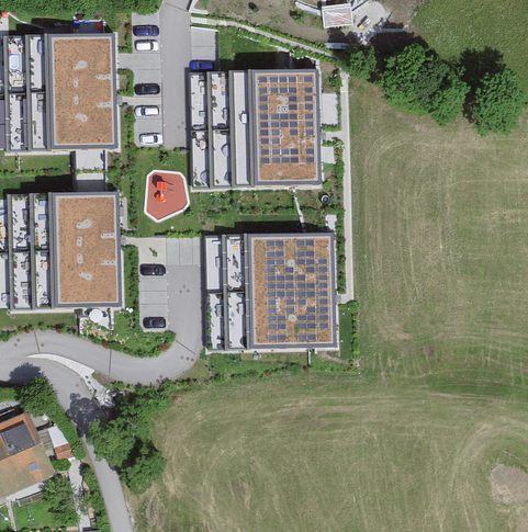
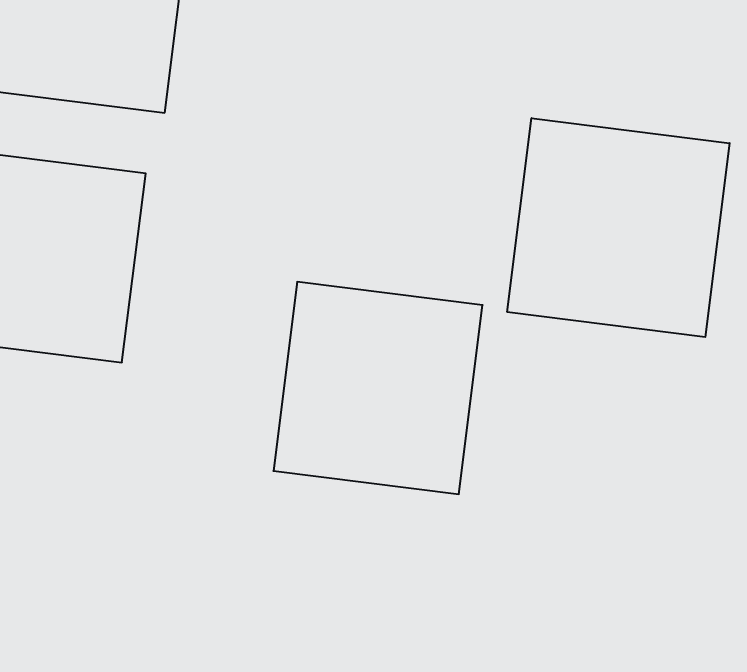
building: [201,67,318,188] -> none
building: none -> [507,118,730,337]

